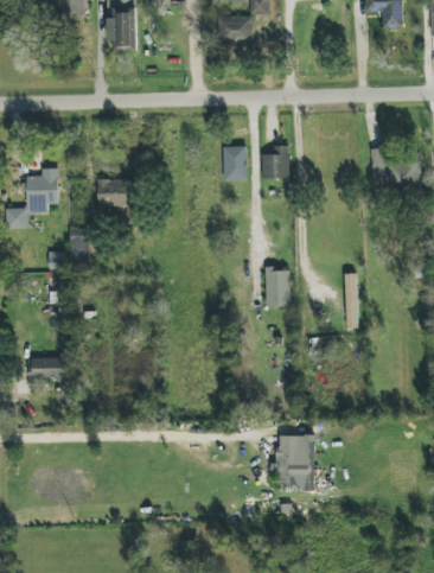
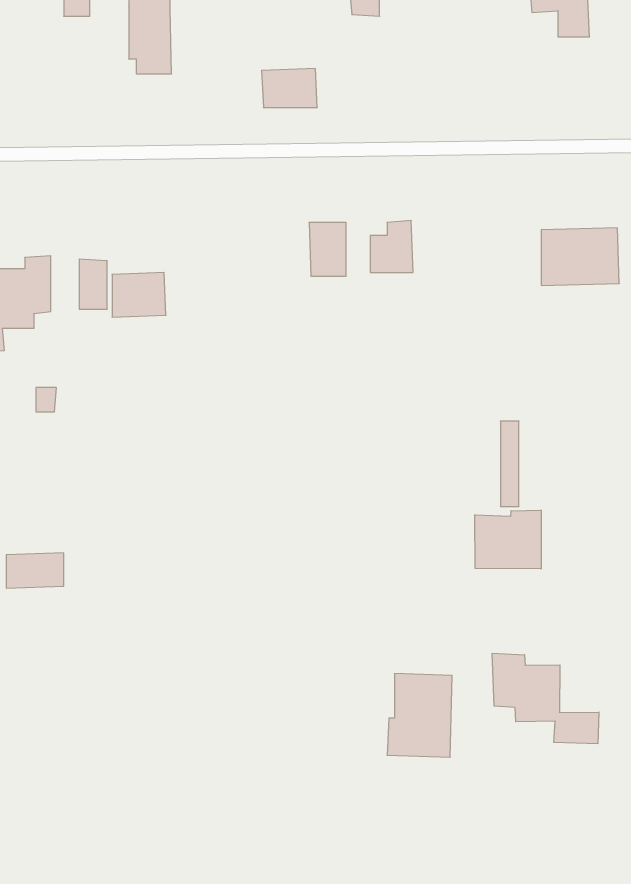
building: [217,15,253,40] -> [262,69,317,108]
building: [70,228,88,260] -> [79,259,107,309]
building: [266,267,291,306] -> none
building: none -> [475,510,541,569]
building: none -> [492,653,599,744]

